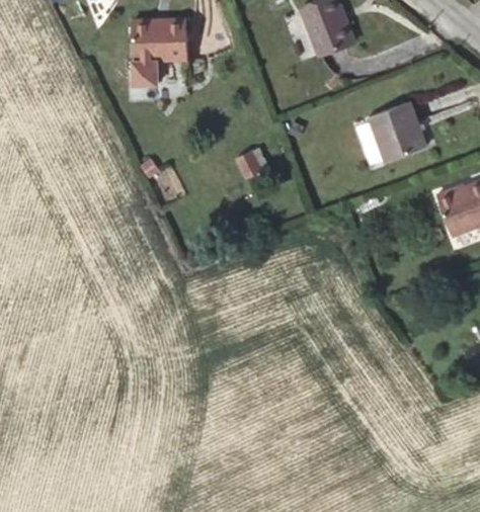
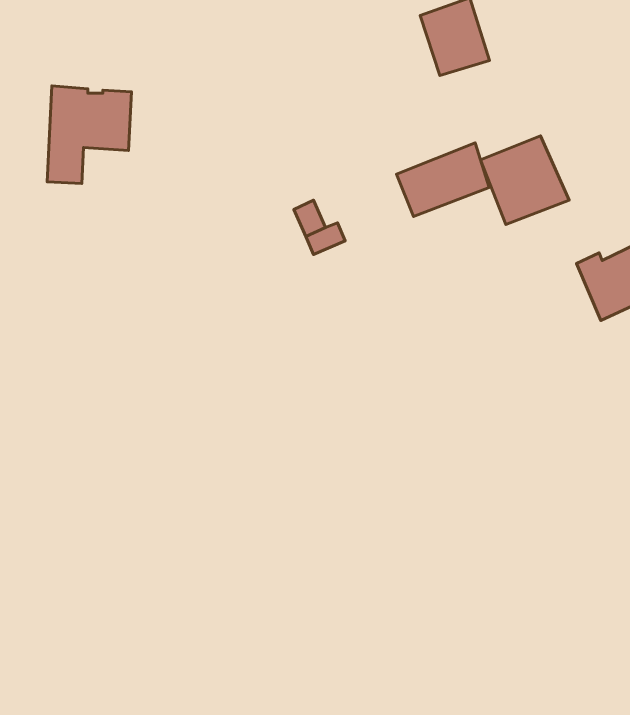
building: [142,19,198,85] -> [47,86,131,183]
building: none -> [396,143,489,217]

